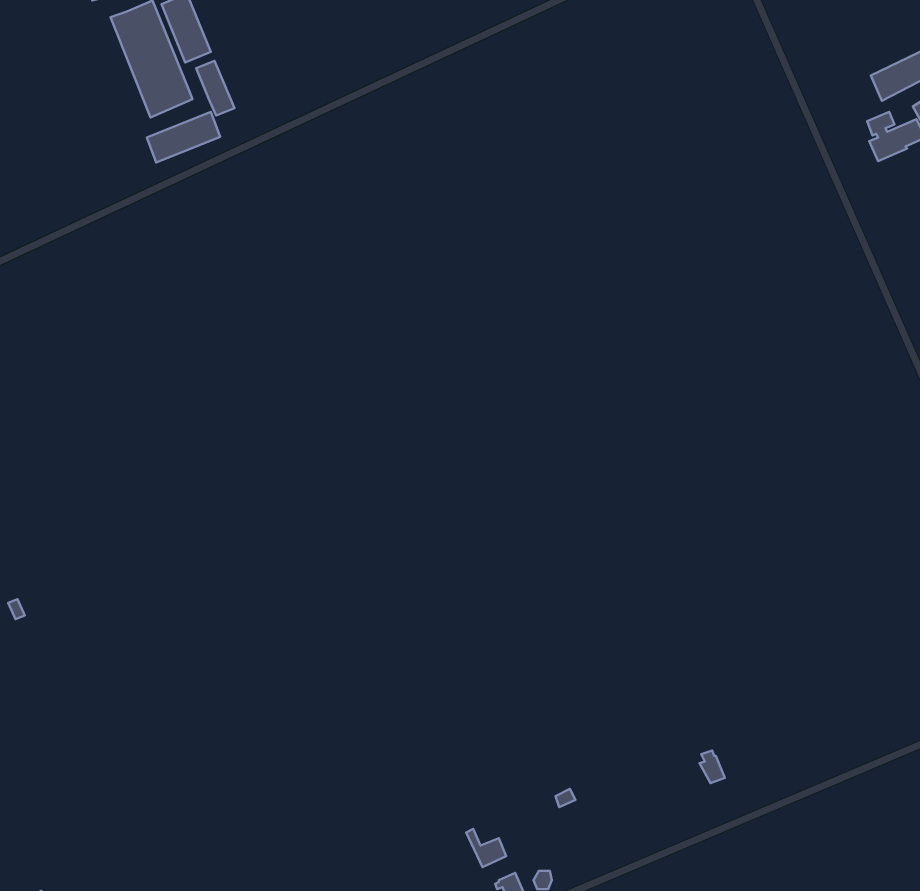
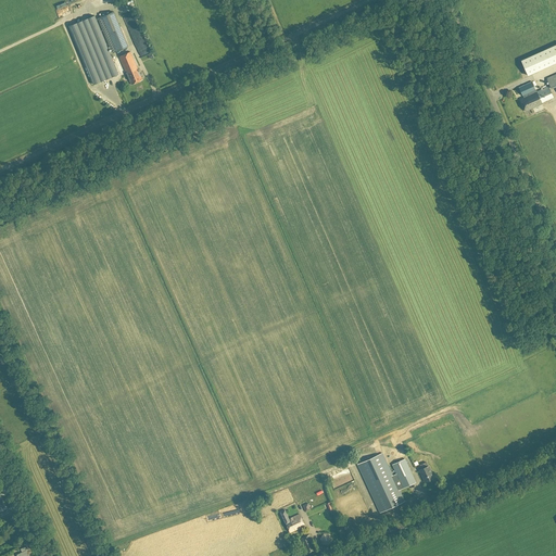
building: [147,112,220,162] -> none
building: none -> [357,452,416,513]

